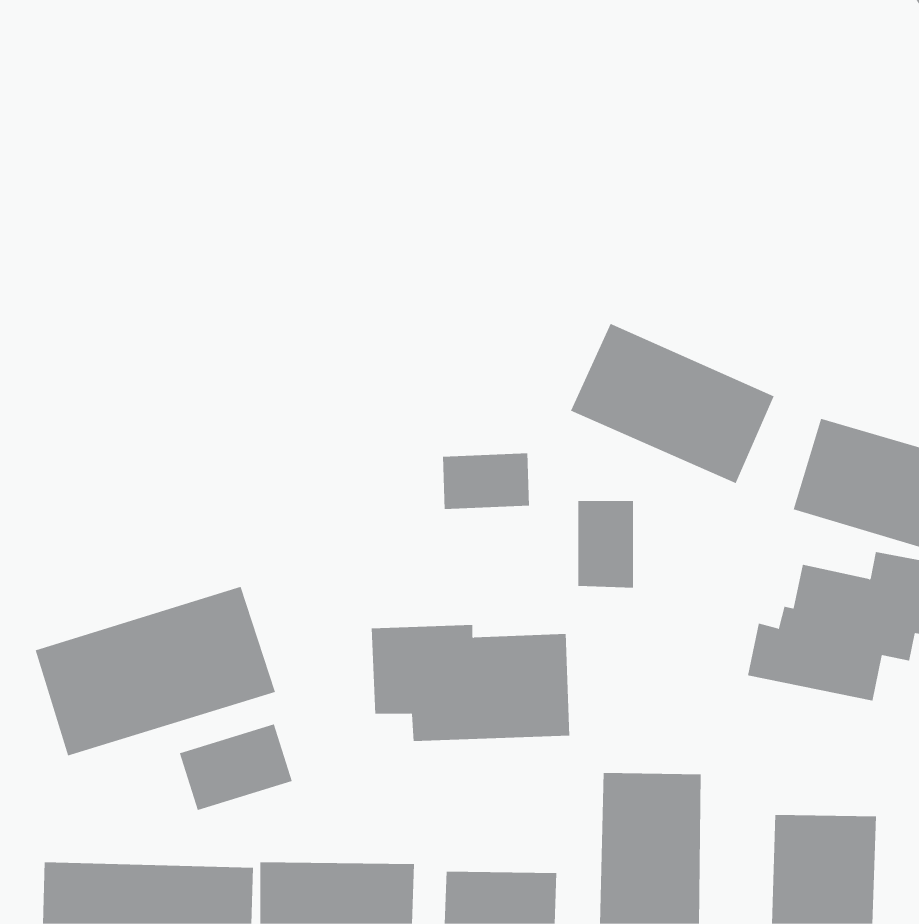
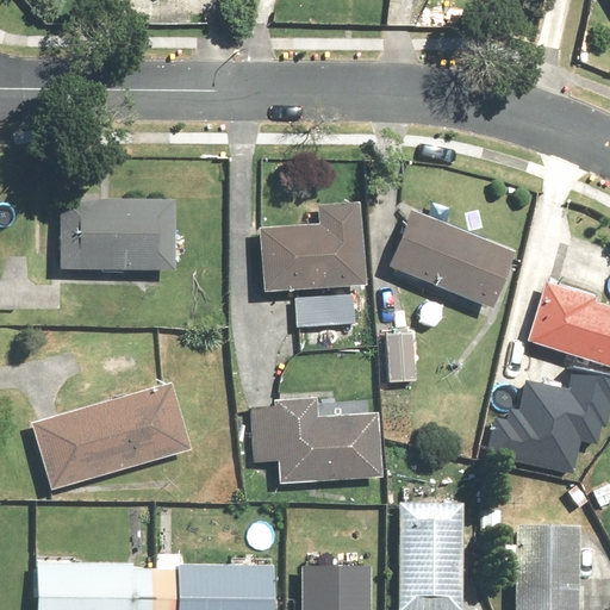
building: none -> [57,198,179,276]
building: none -> [255,207,367,297]
building: [179,724,292,811] -> none

